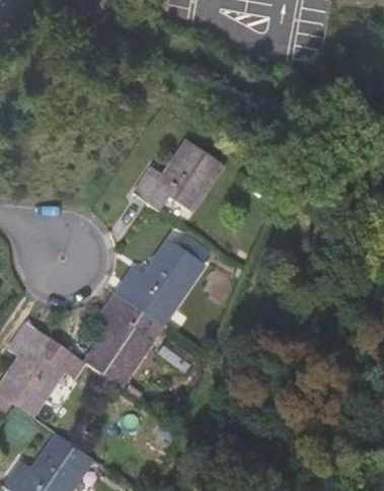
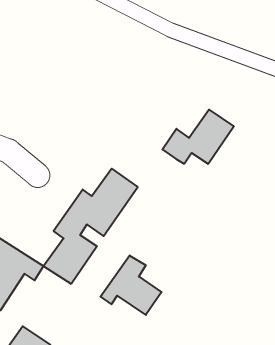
building: [130,144,217,210] -> [162,110,234,164]
building: none -> [100,255,162,315]

